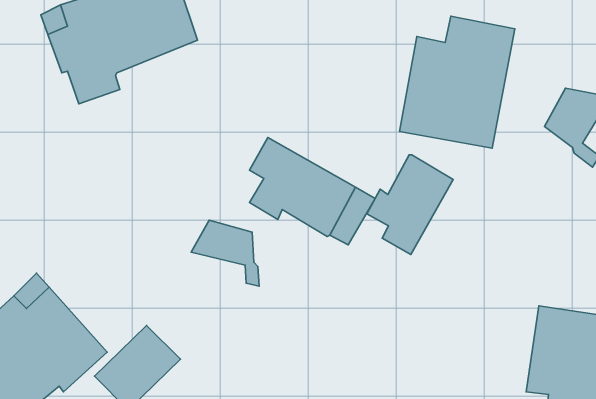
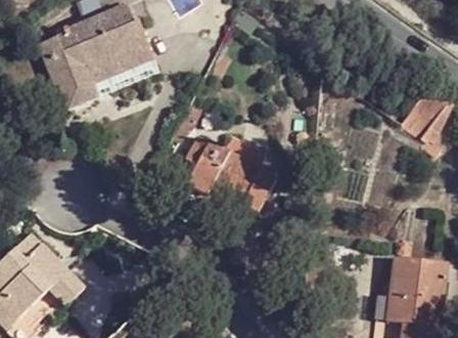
building: [399,16,515,148] -> none
building: [367,155,453,255] -> none
building: [191,220,259,286] -> none

